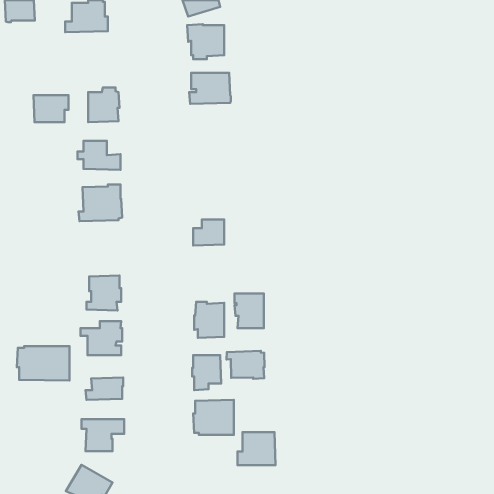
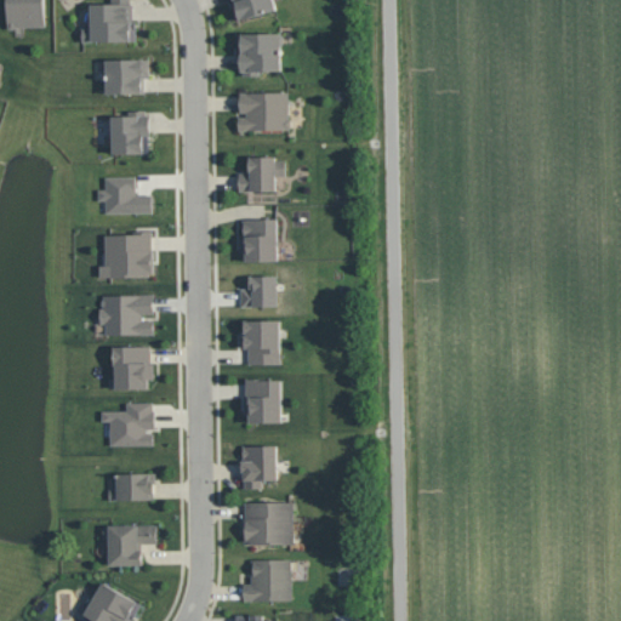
building: [33,95,68,122] -> [104,61,148,95]
building: none -> [237,158,284,193]
building: none -> [238,220,277,263]
building: none -> [98,296,153,336]
building: [235,293,264,328] -> [243,321,279,365]
building: [17,346,70,381] -> none
building: [227,351,264,379] -> none
building: [238,432,275,465] -> [243,560,290,602]

